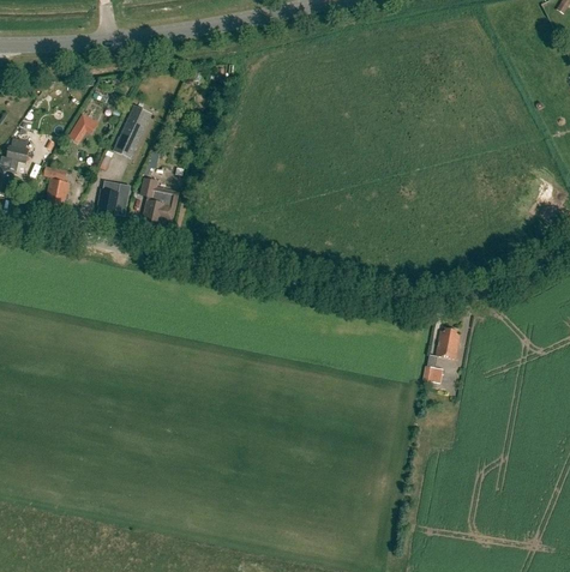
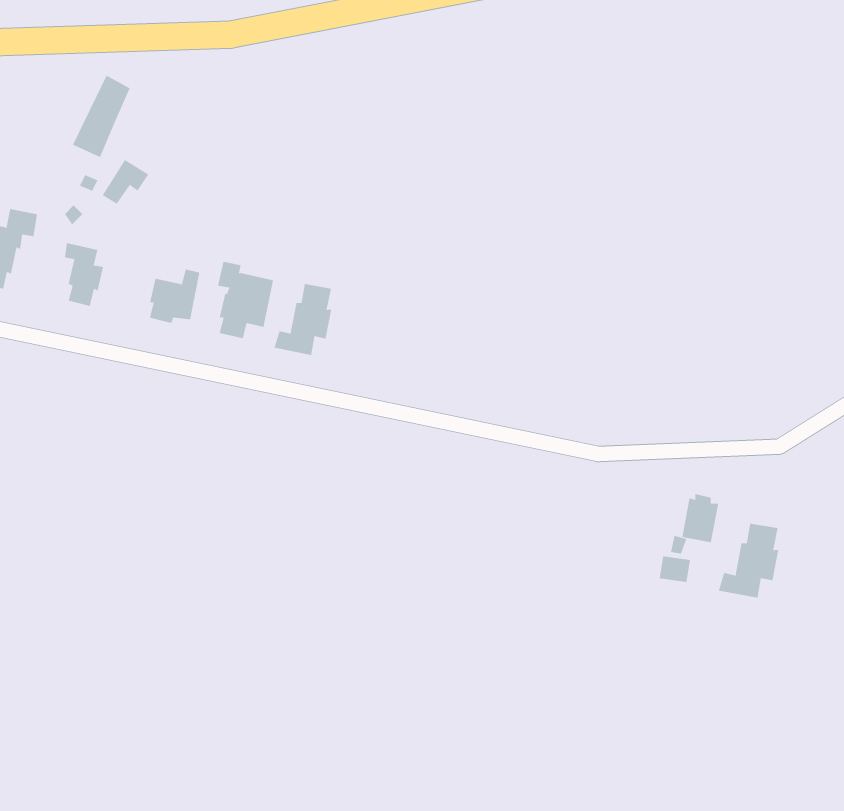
building: [114,104,151,157] -> [72,75,131,158]
building: none -> [274,283,332,356]
building: none -> [718,523,779,598]

